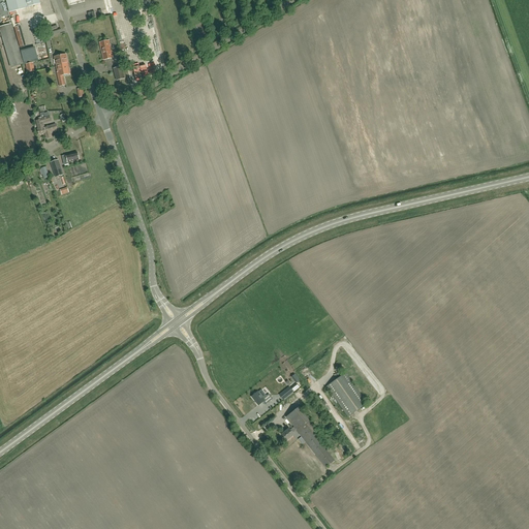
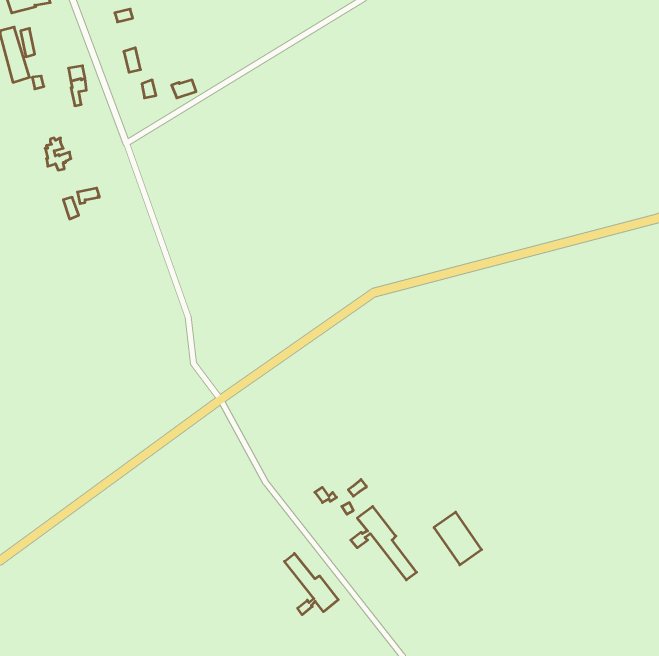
building: [328,372,366,414] -> [434,512,482,565]
building: none -> [284,553,338,615]

